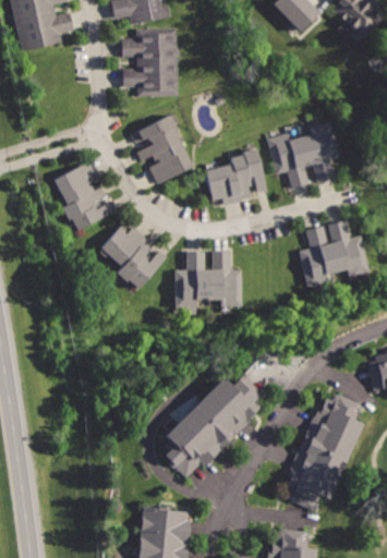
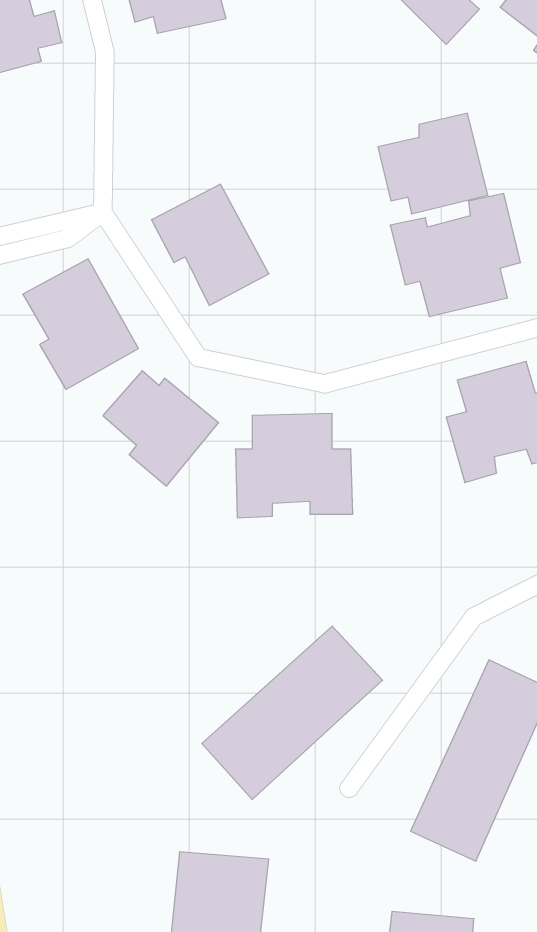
building: [119,29,176,96] -> none
building: [203,149,267,208] -> [378,113,488,214]

